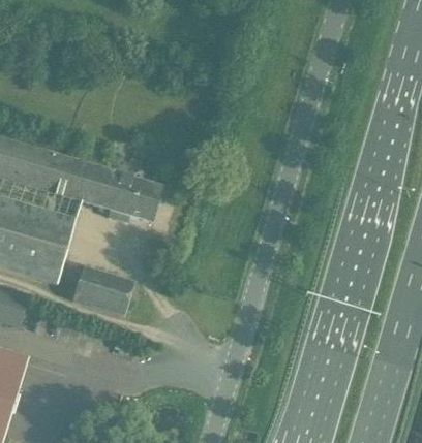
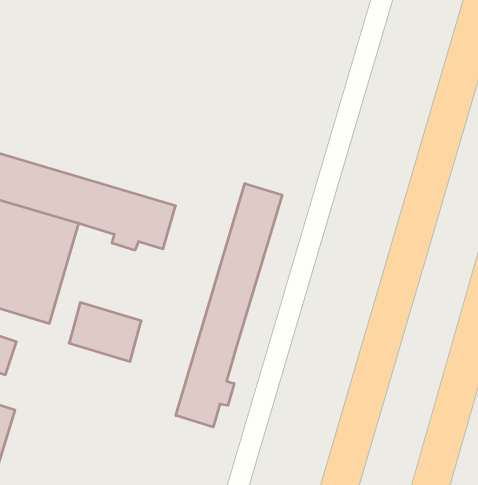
building: none -> [176,183,282,427]

